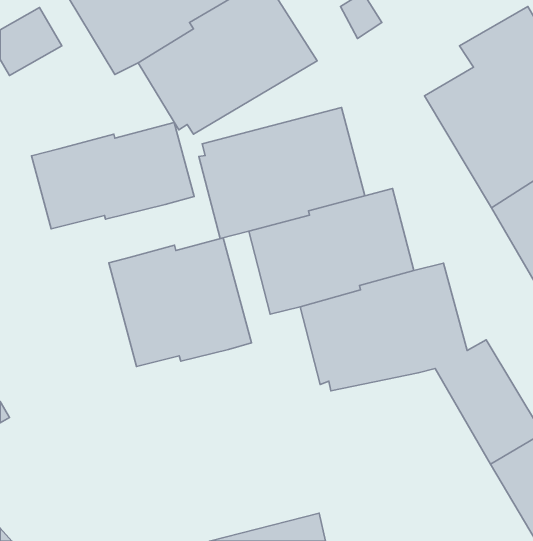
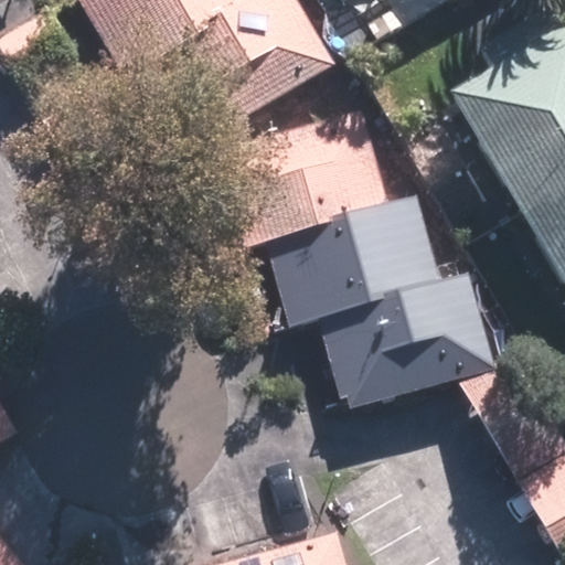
building: [32,123,194,229] -> none
building: [109,238,252,366] -> none

